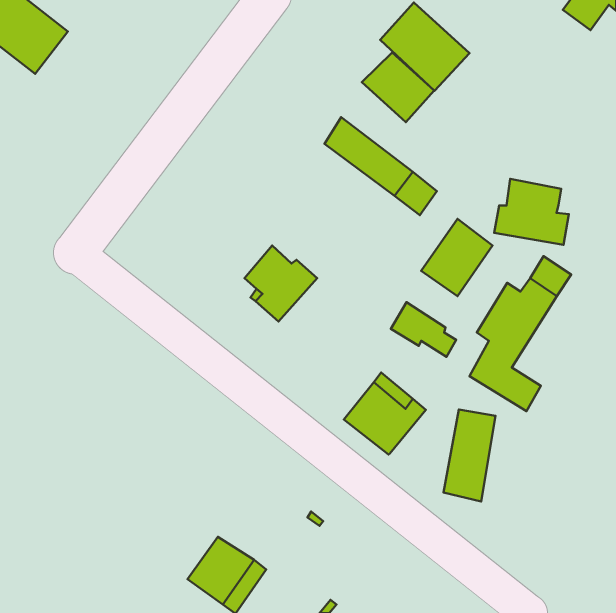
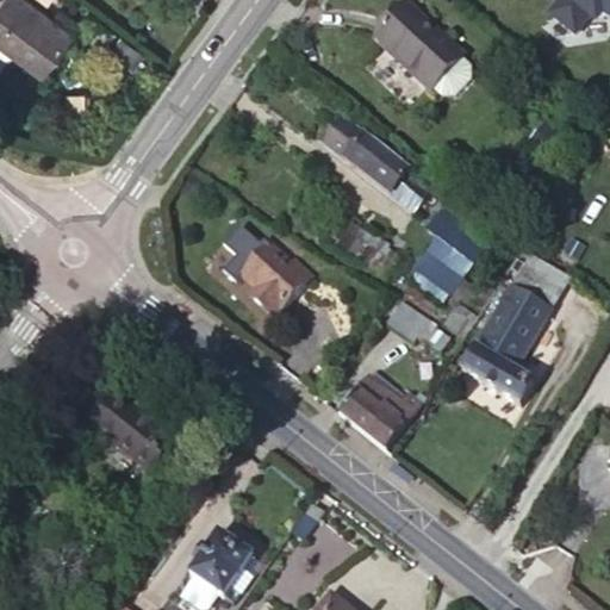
building: [362,52,434,122] -> none
building: [494,179,569,245] -> none
building: none -> [76,386,167,469]
building: [443,409,495,501] -> none

